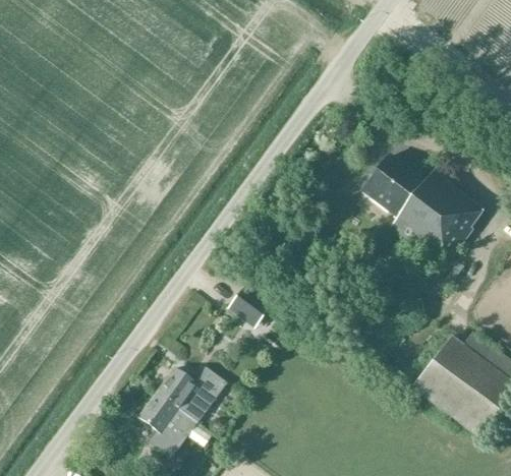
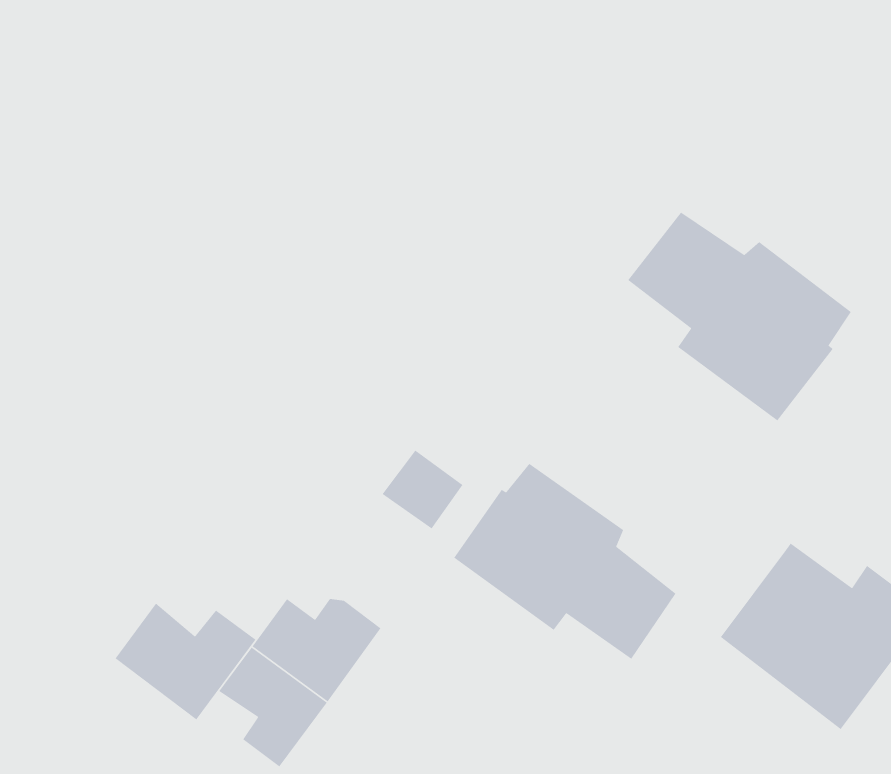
building: none -> [453,463,677,660]
building: none -> [115,603,257,720]

